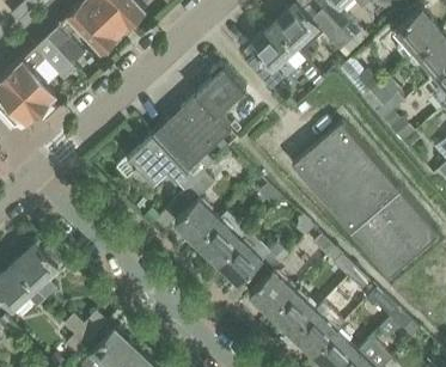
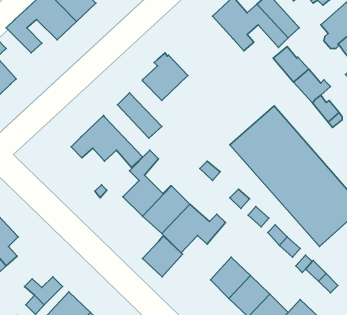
building: [248,25,295,91] -> none
building: [181,97,231,147] -> none
building: [153,123,212,181] -> none
building: [249,271,293,317] -> [143,236,183,277]

